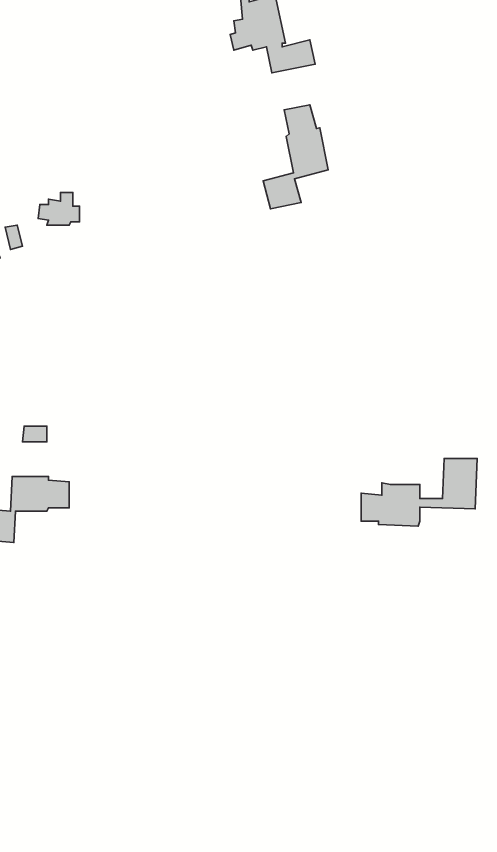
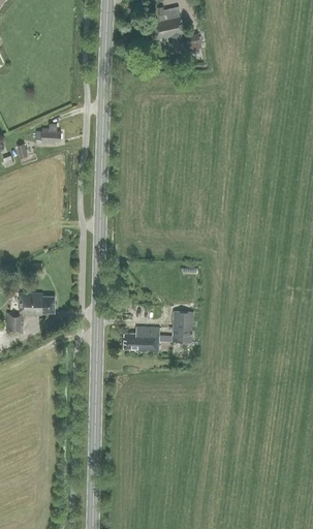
building: [263,105,328,209] -> none
building: [361,459,477,526] -> [124,312,193,352]

